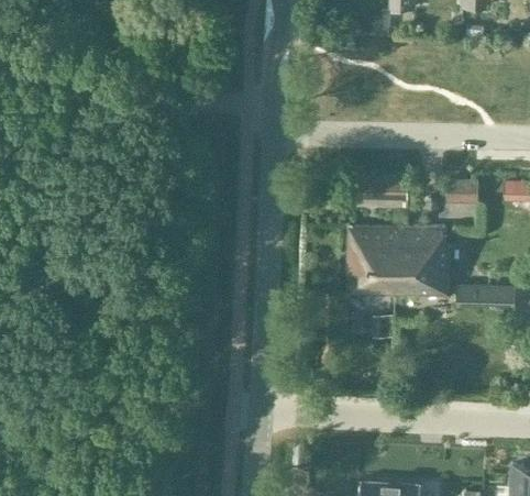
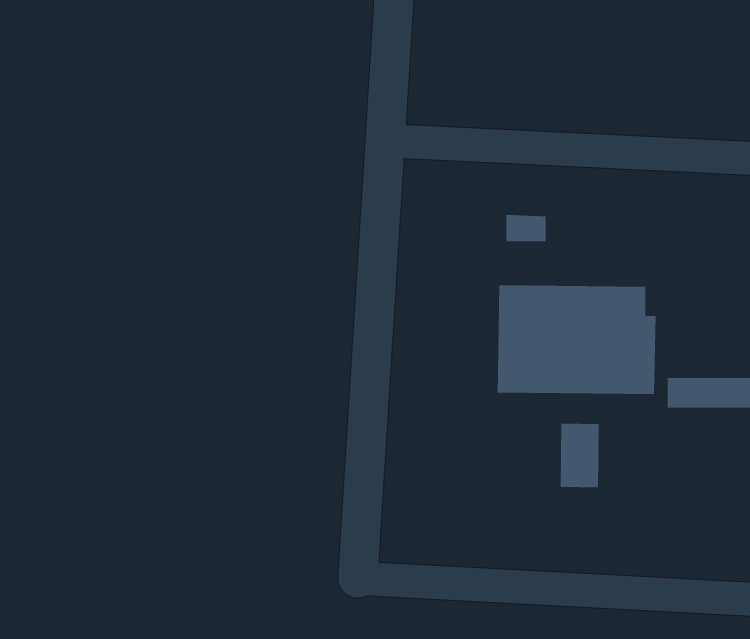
building: [446,178,479,205] -> none
building: none -> [560,423,599,488]

